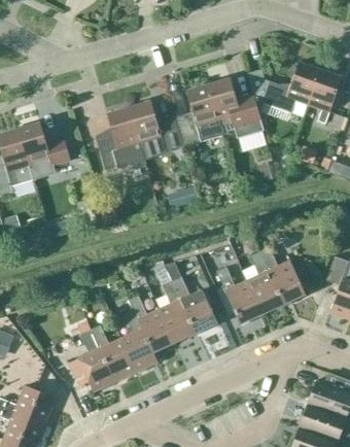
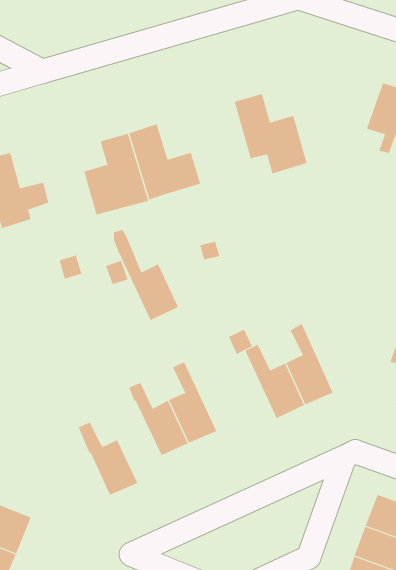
building: [247,61,320,112] -> none
building: [176,83,225,145] -> none
building: [259,246,305,303] -> none
building: [168,263,217,332] -> [113,229,179,321]
building: [120,309,158,371] -> none
building: [68,329,114,390] -> none

